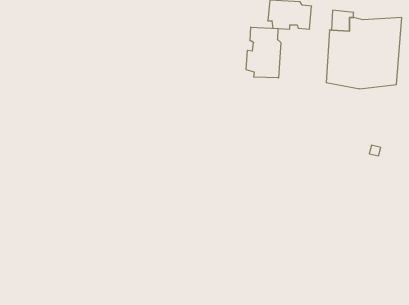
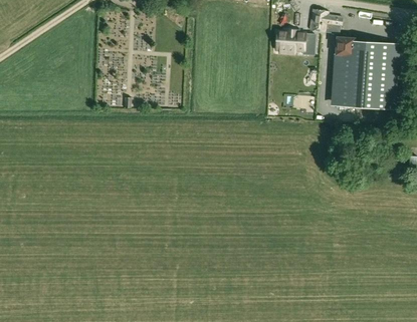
building: [246,27,281,78] -> none

